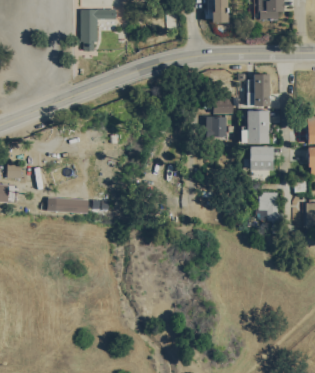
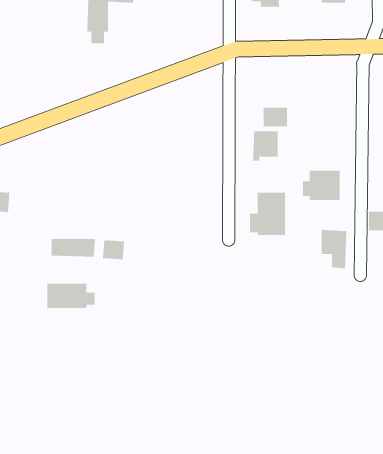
building: [247,74,269,106] -> none
building: [241,111,269,144] -> [249,192,286,236]
building: none -> [47,283,95,309]

